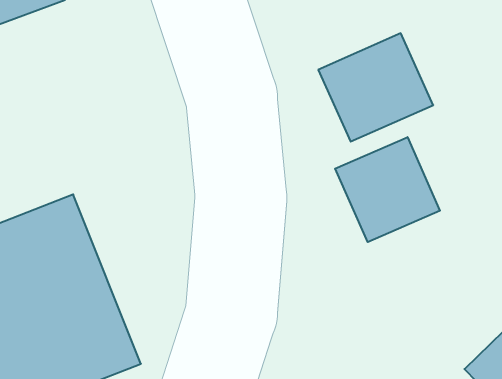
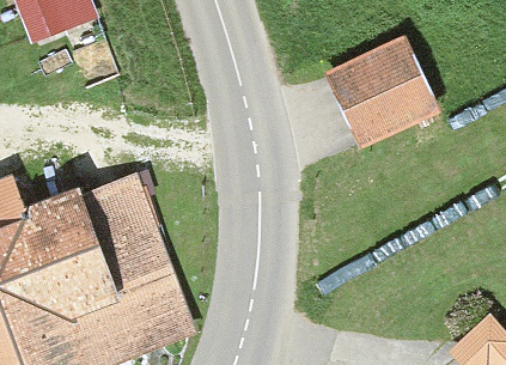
building: [335,137,440,242] -> none

